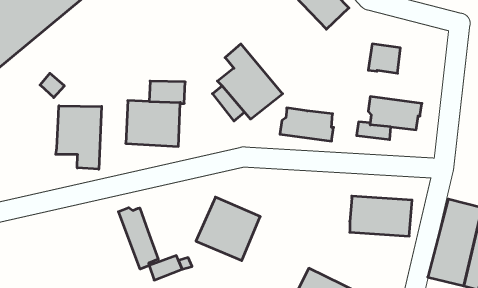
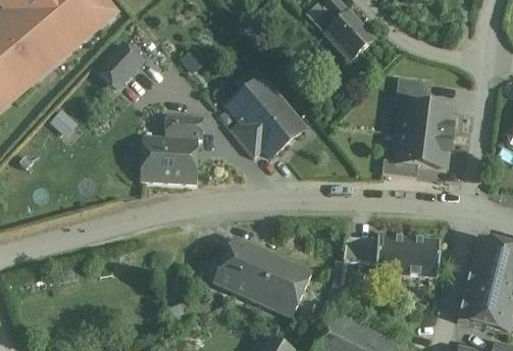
building: none -> [98,43,141,87]
building: [56,106,102,169] -> none
building: [280,108,334,141] -> [396,103,452,138]
building: none -> [343,235,376,261]
building: [118,208,158,269] -> none
building: none -> [261,256,312,315]

